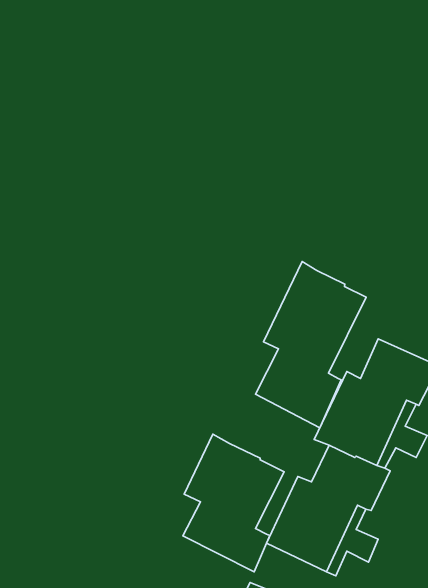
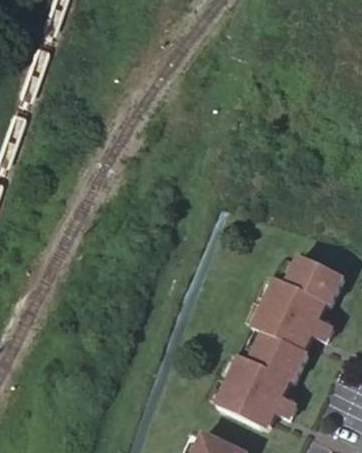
building: [255,262,366,428] -> none
building: [183,434,284,572] -> none

